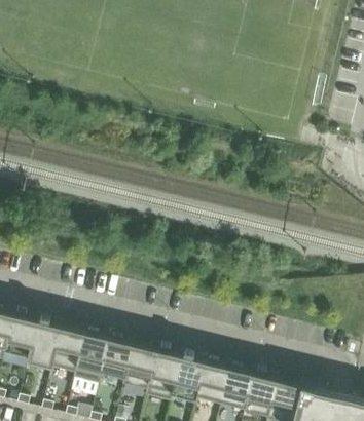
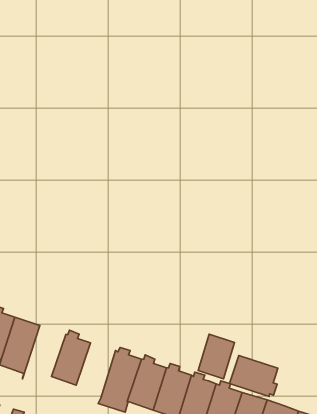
building: none -> [198,334,235,379]
building: [74,330,111,389] -> none
building: [123,345,158,400] -> none
building: none -> [229,355,278,397]

